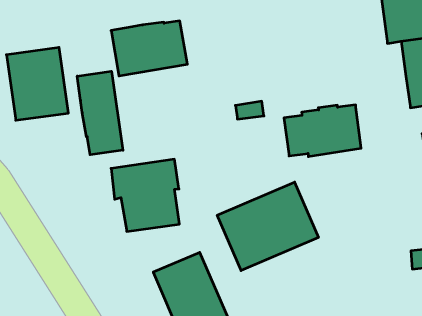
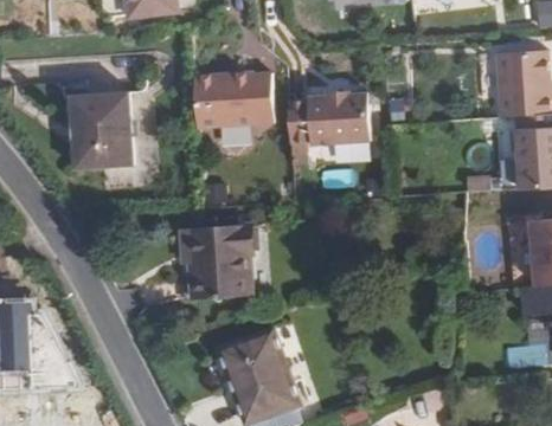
building: [77,71,123,155] -> none
building: [284,105,361,157] -> [290,91,373,146]
building: [217,182,318,271] -> none

